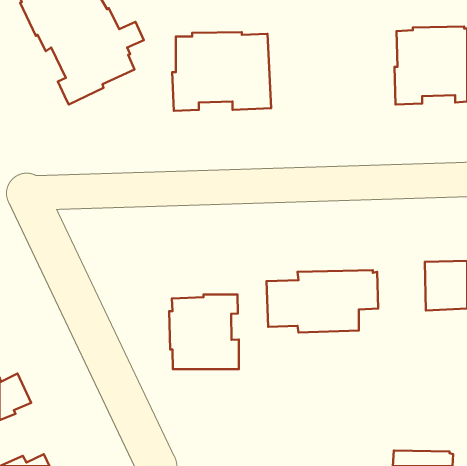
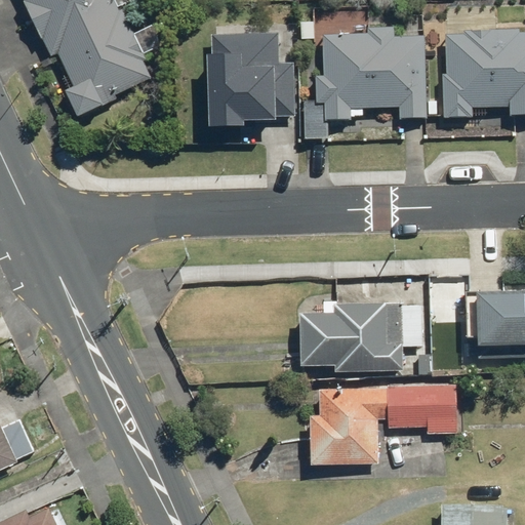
building: none -> [315,27,428,120]
building: [169,294,239,369] -> none
building: none -> [310,383,457,466]

